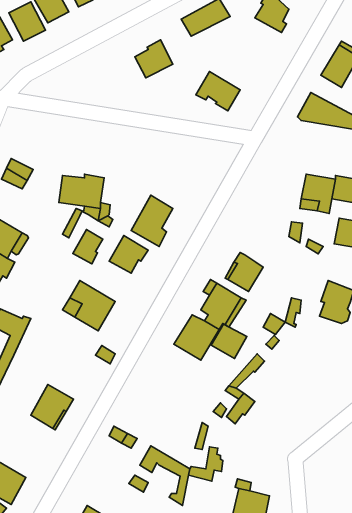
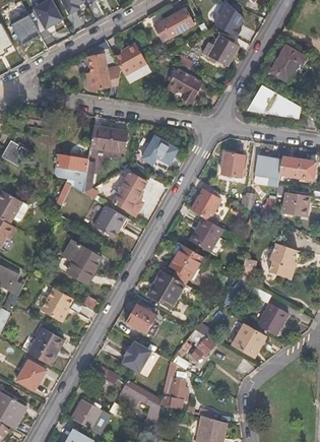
building: none -> [208,35,238,65]
building: none -> [86,53,119,88]
building: none -> [97,126,127,151]
building: none -> [141,135,177,170]
building: none -> [220,151,244,176]
building: none -> [189,189,218,227]
building: [73,229,103,264] -> none
building: [211,324,247,359] -> [126,305,155,333]
building: none -> [41,287,73,321]
building: none -> [256,301,286,334]
building: none -> [233,324,266,356]
building: none -> [123,339,152,371]
building: none -> [15,360,45,390]
building: none -> [71,400,101,429]

